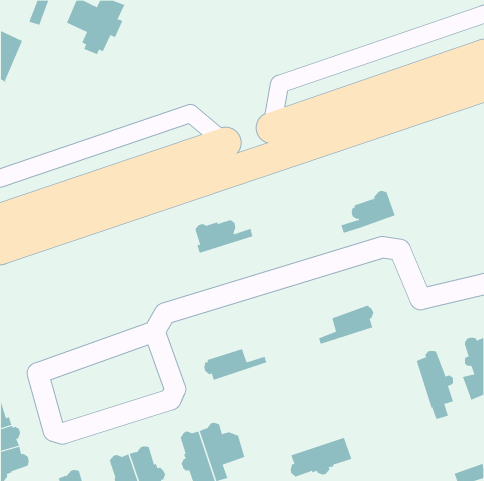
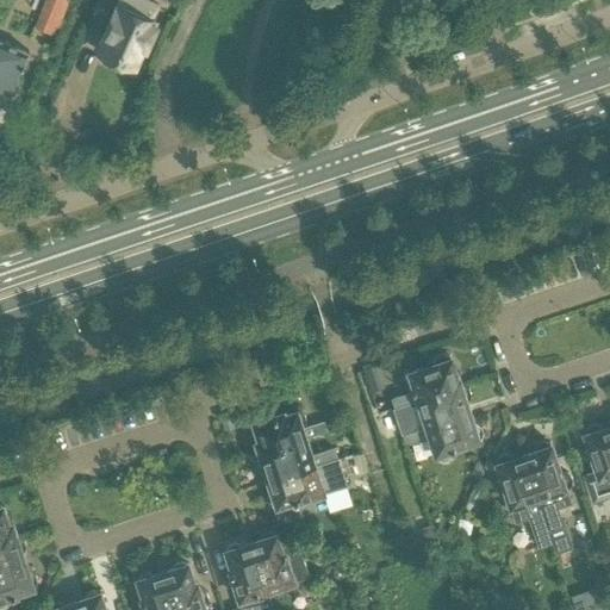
building: [340,190,395,234] -> [391,356,460,411]
building: [195,220,253,254] -> [254,413,328,456]
building: none -> [403,416,483,465]
building: none -> [494,458,554,552]
building: [290,437,352,477] -> [267,460,346,510]

